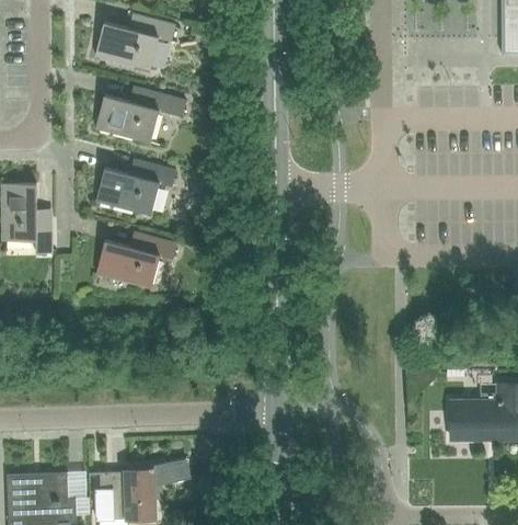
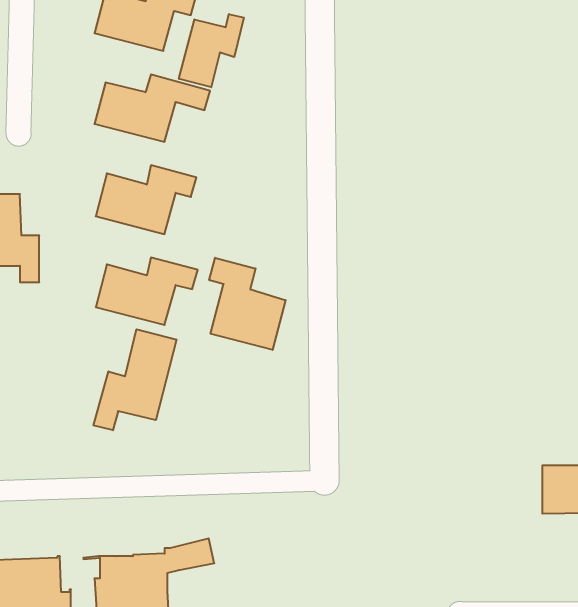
building: none -> [179,14,244,87]
building: none -> [209,258,286,350]
building: none -> [93,329,177,430]

